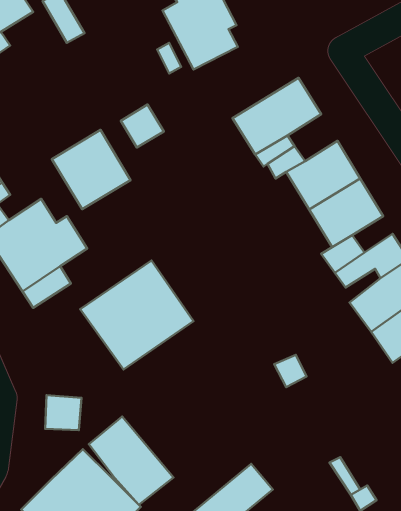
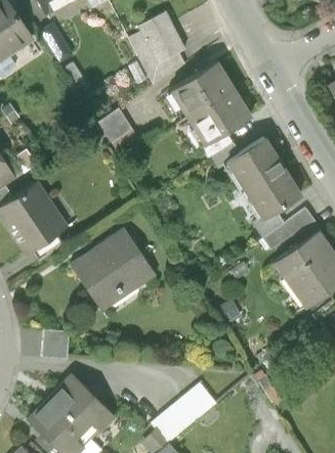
building: none -> [166,61,234,121]
building: [52,130,131,209] -> none
building: [89,417,174,505] -> none

